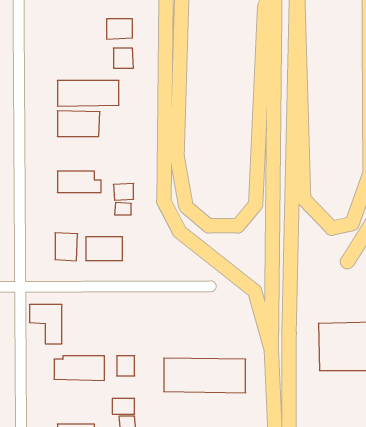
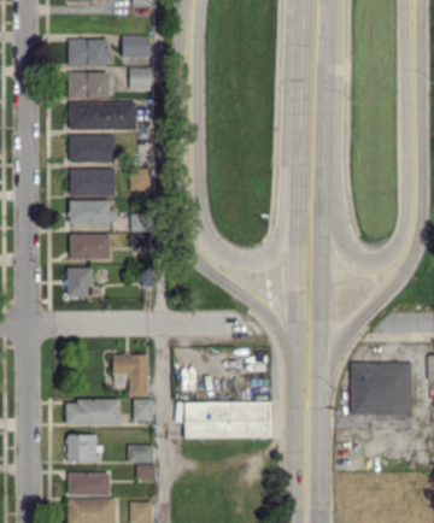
building: none -> [66,40,108,65]
building: none -> [68,71,108,99]
building: none -> [69,168,115,195]
building: [86,237,123,260] -> [70,234,110,259]
building: [29,305,62,344] -> [112,354,147,396]
building: none -> [66,434,99,462]

